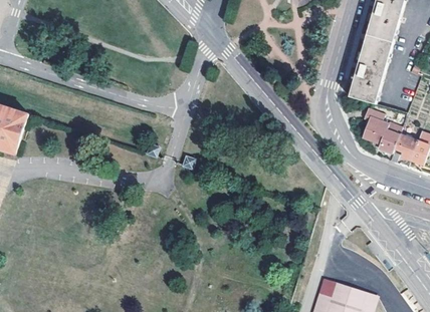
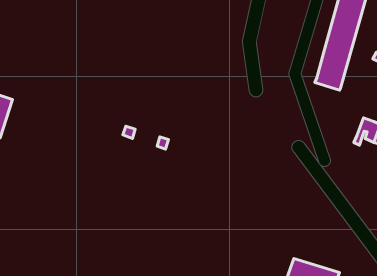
building: [364,108,402,152] -> none

